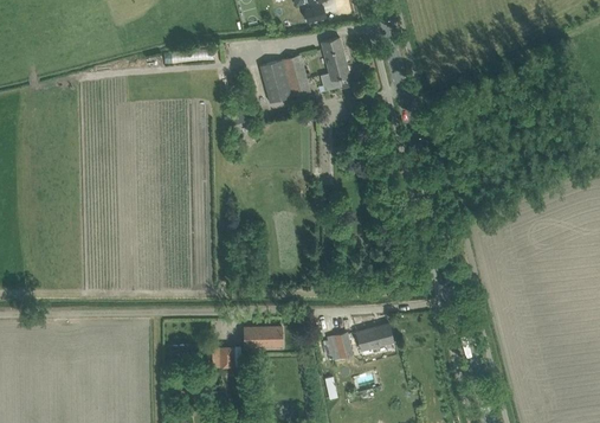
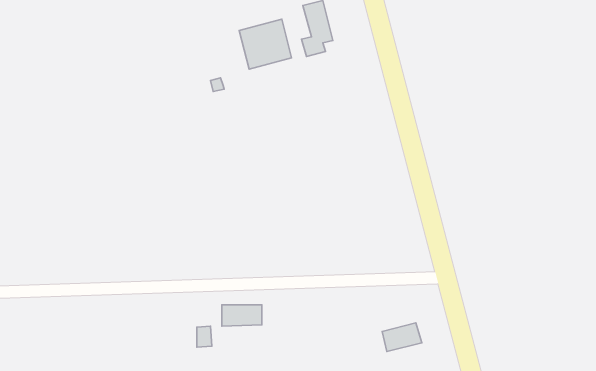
building: [356,323,394,351] -> [382,323,422,351]
building: [322,332,353,360] -> none

